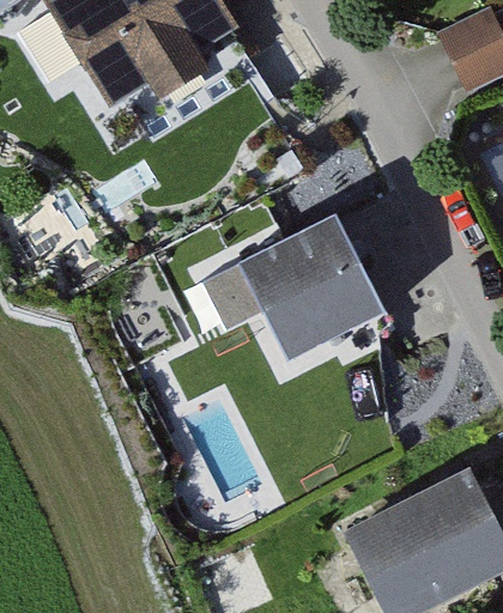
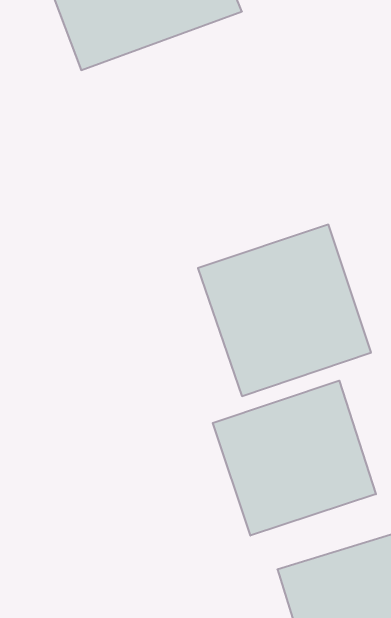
building: none -> [213,381,376,536]

